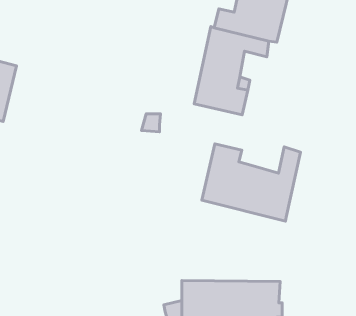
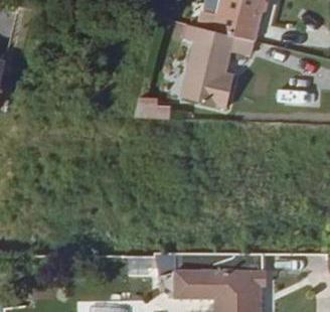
building: [202,144,301,221] -> none

